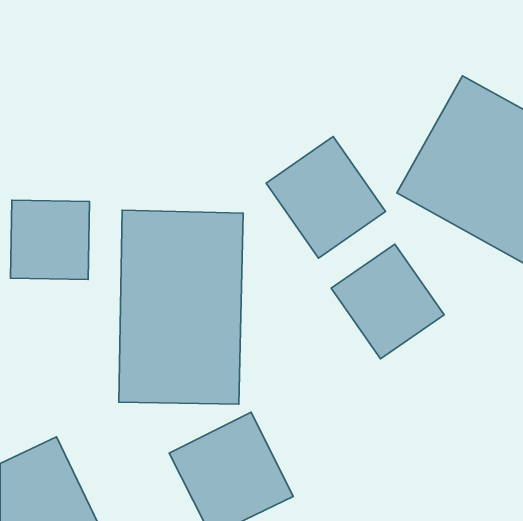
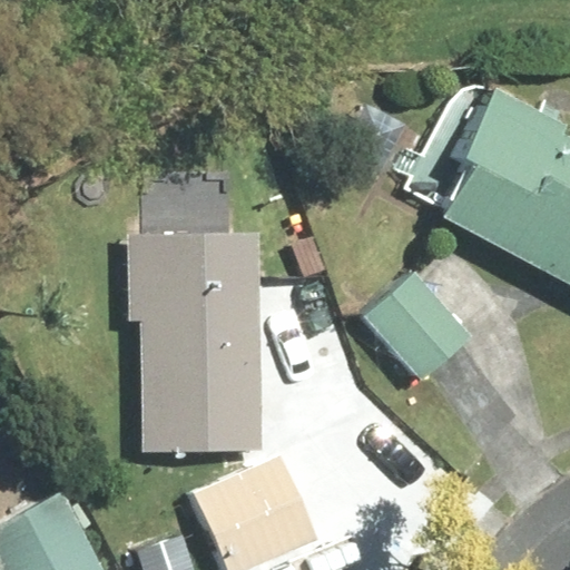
building: [266,137,385,258] -> none
building: [11,200,90,279] -> none

